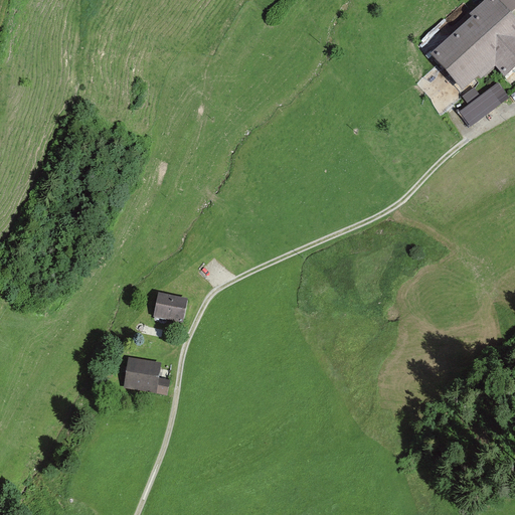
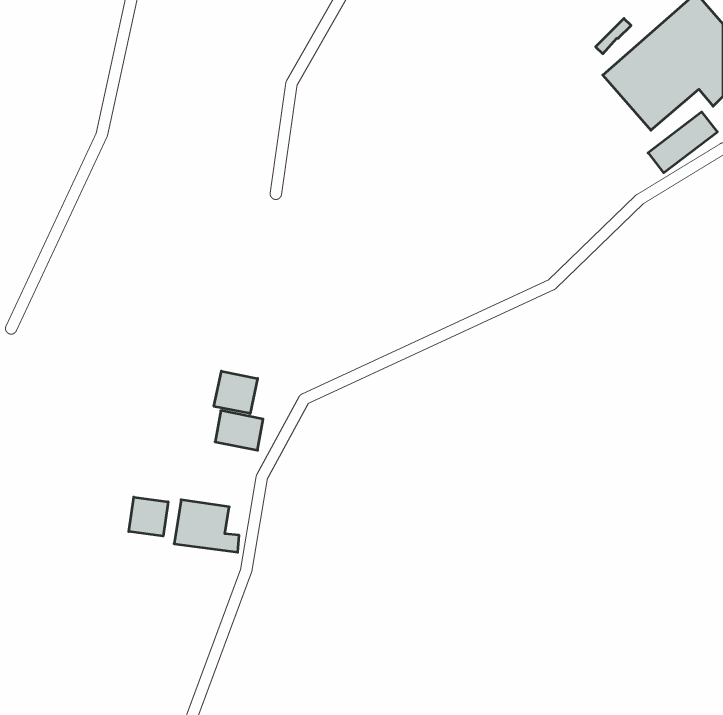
building: none -> [214,371,258,414]
building: none -> [129,497,168,536]

